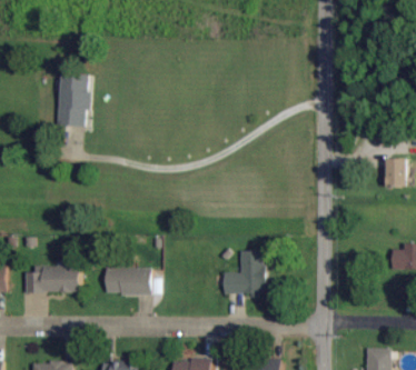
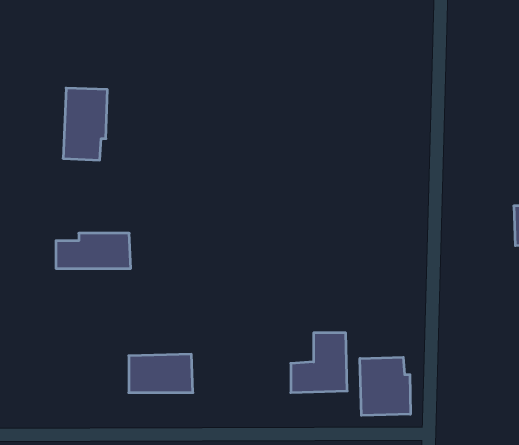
building: [24,267,79,292] -> [56,233,131,268]
building: none -> [360,357,410,415]

